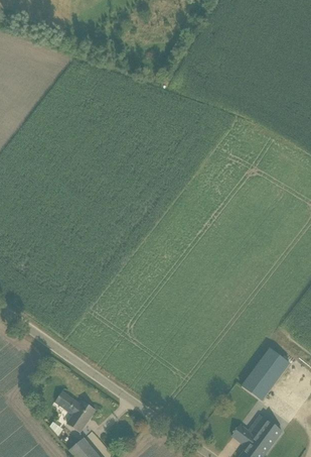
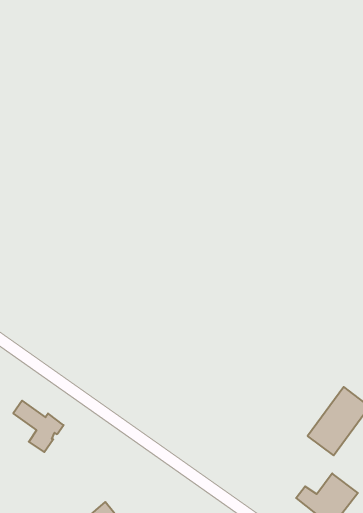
building: [55,391,95,432] -> [13,401,64,452]

